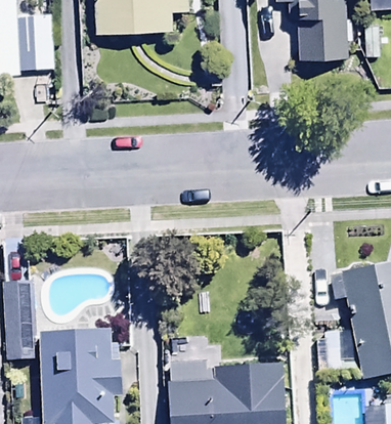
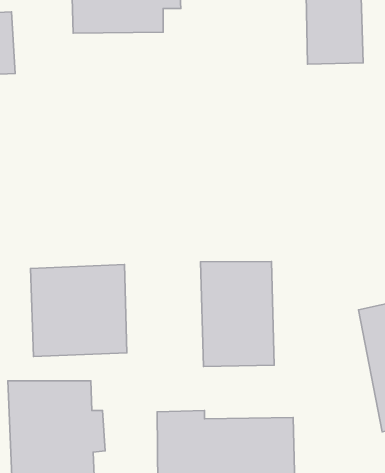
building: none -> [201,261,274,367]
building: none -> [30,265,127,357]

